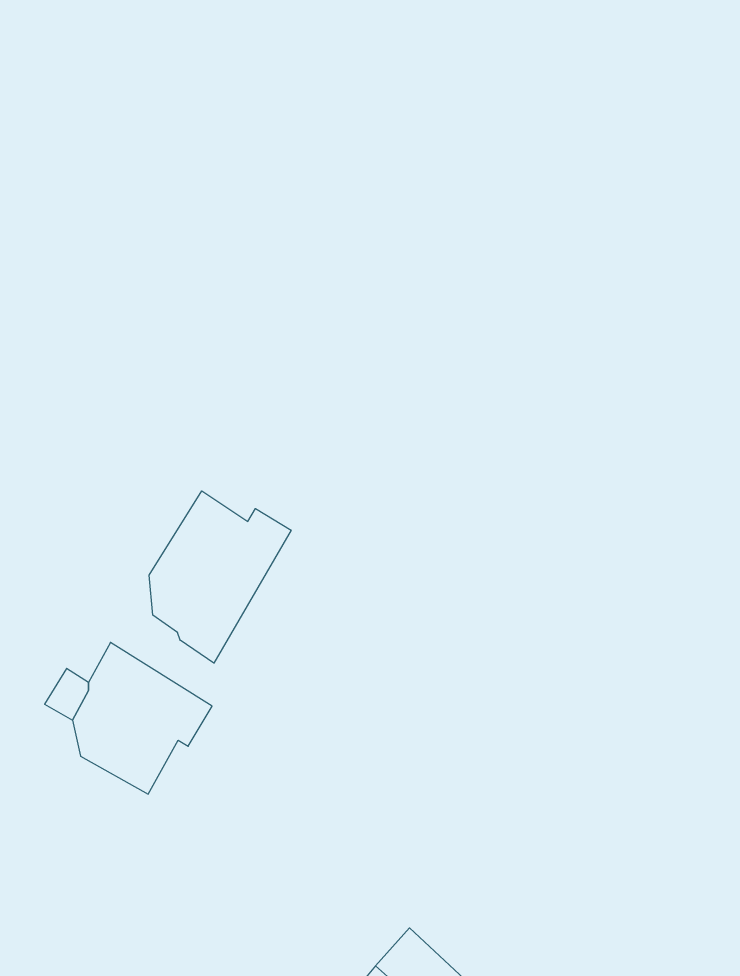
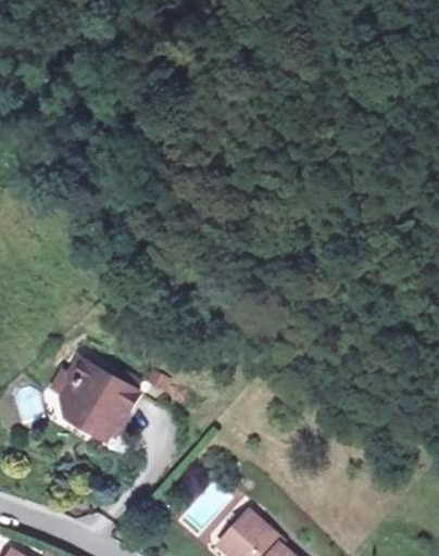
building: [149,491,291,663] -> none

